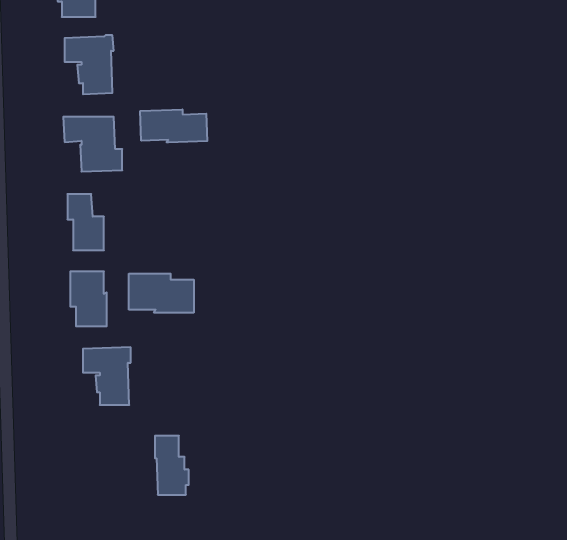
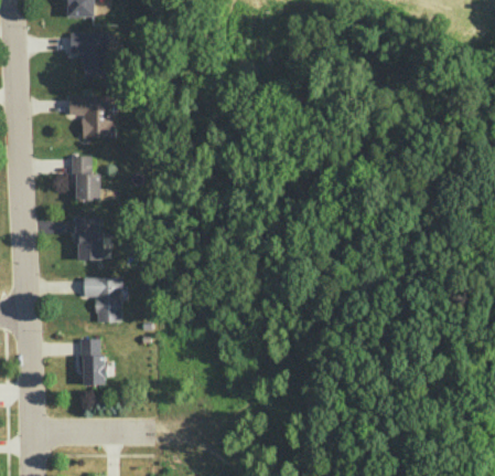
building: [140,109,207,142] -> none
building: [129,274,194,313] -> none
building: [155,436,189,495] -> [80,339,107,385]

